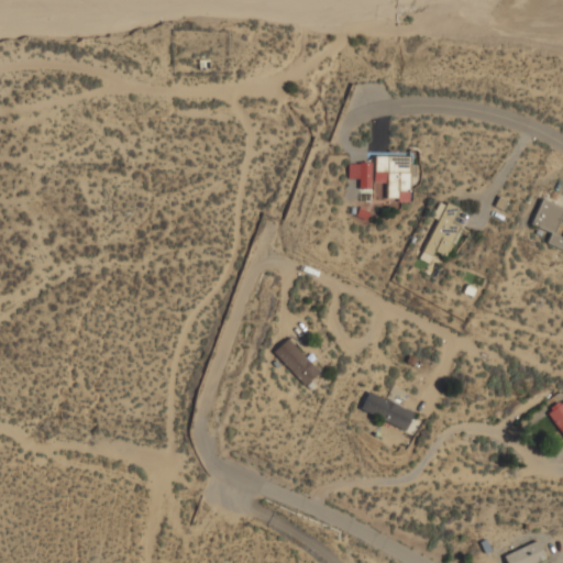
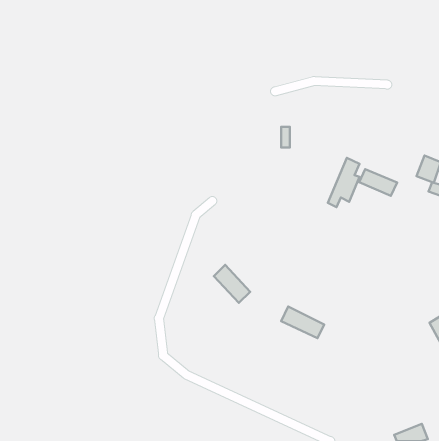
building: [376,154,412,201] -> none
building: none -> [359,169,397,196]

